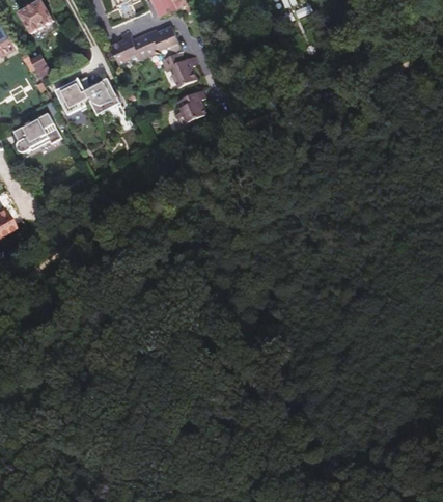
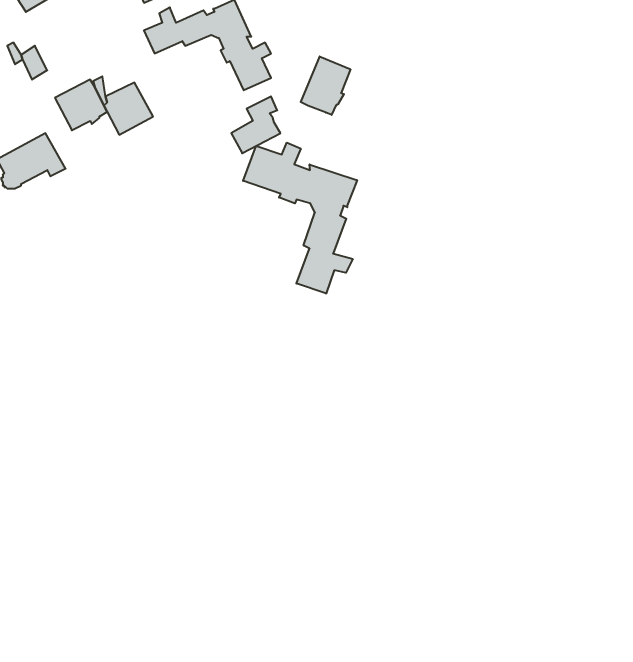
building: none -> [301,56,350,115]
building: none -> [243,143,357,294]

